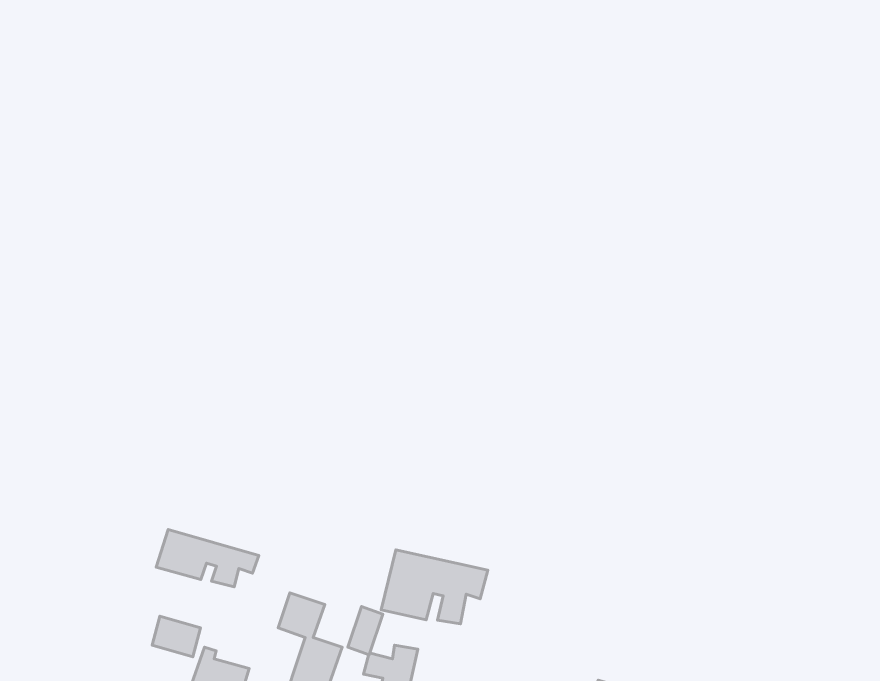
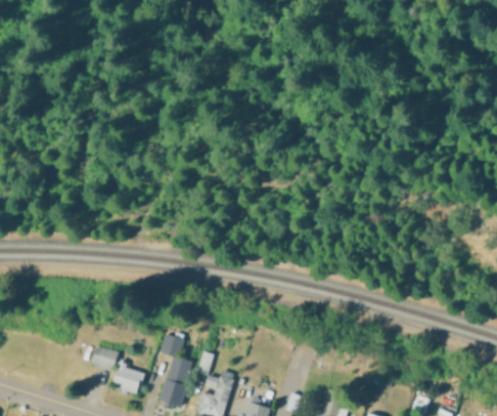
building: [156,530,259,587] -> none
building: [381,550,488,624] -> none

